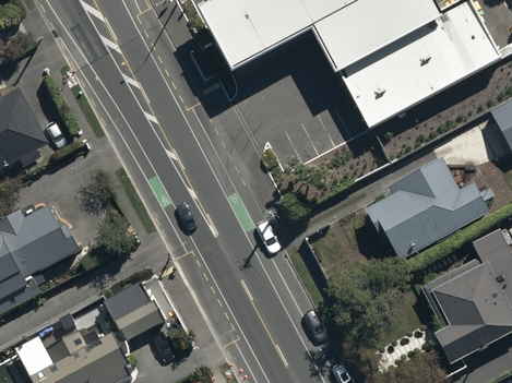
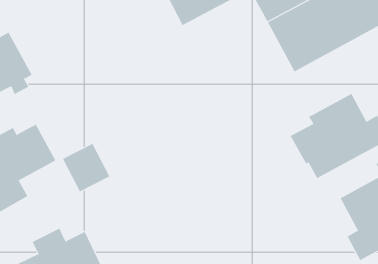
building: [99,274,159,335] -> [62,143,110,192]

